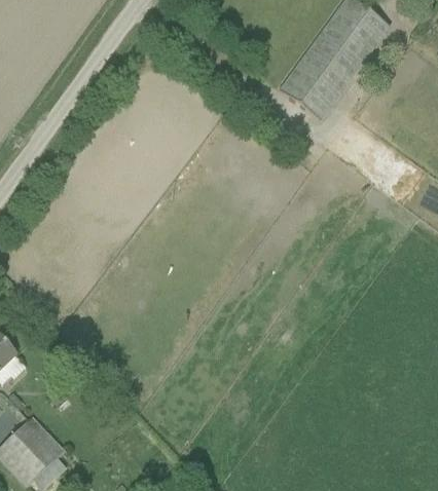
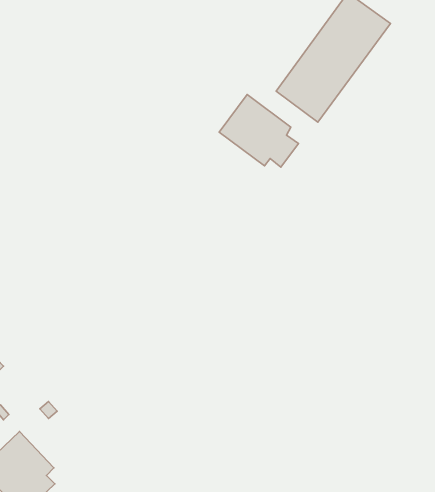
building: none -> [219,95,298,167]

